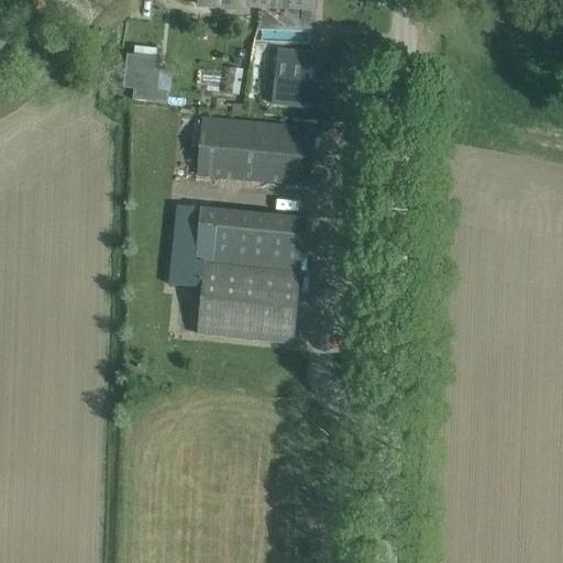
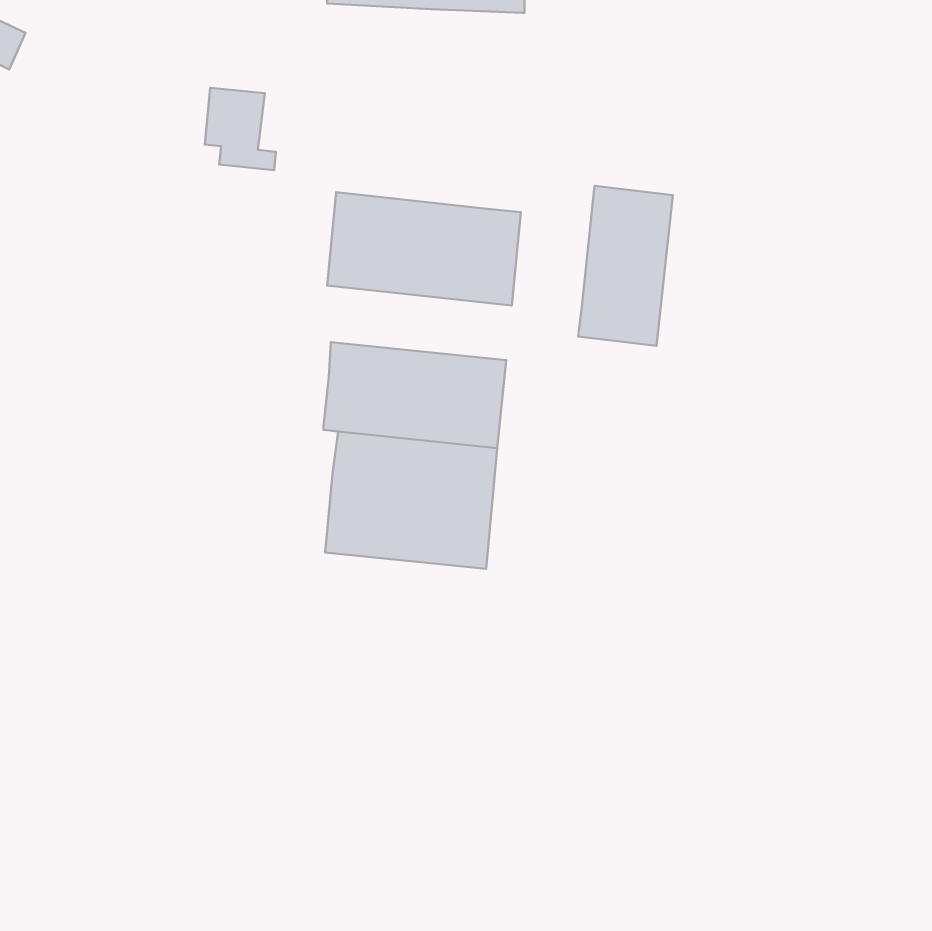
building: [271,49,320,107] -> none
building: none -> [578,186,673,346]
building: [169,203,203,285] -> none

